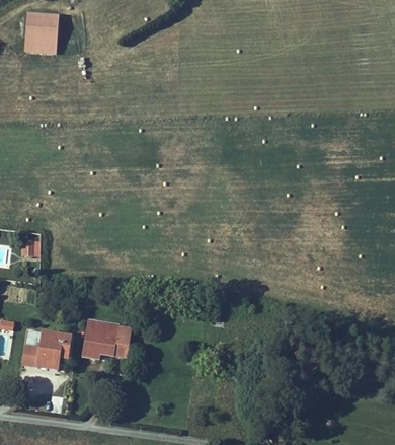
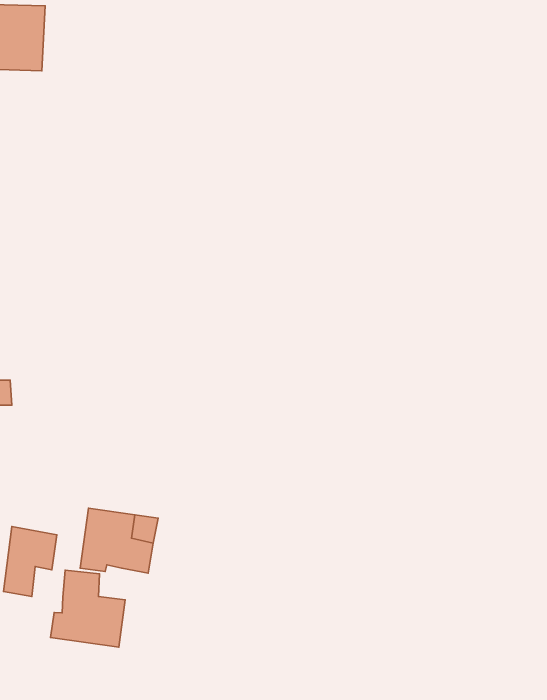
building: none -> [51,570,125,647]

